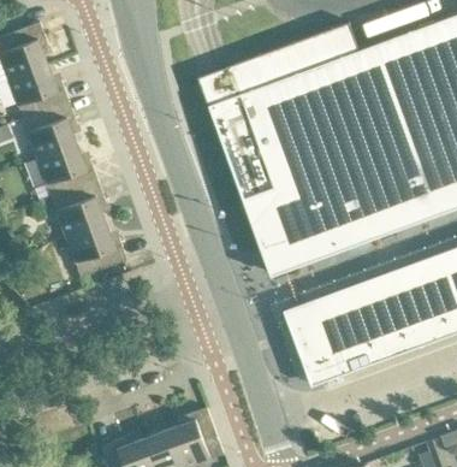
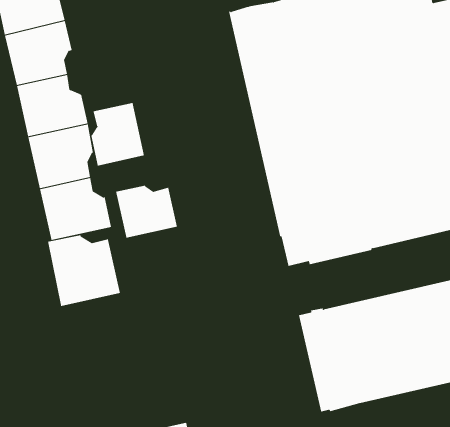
building: none -> [91,102,145,166]
building: none -> [115,185,178,239]
building: none -> [47,234,120,307]

